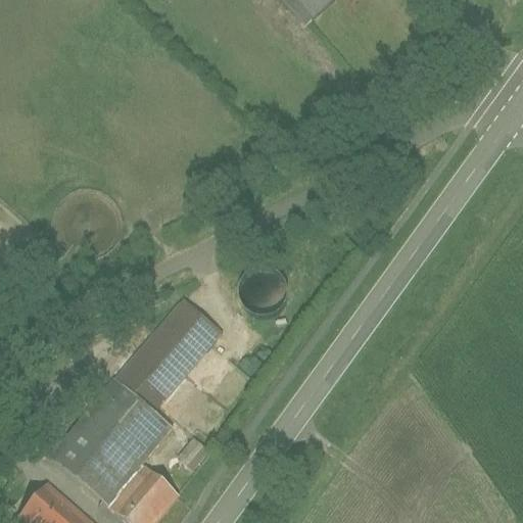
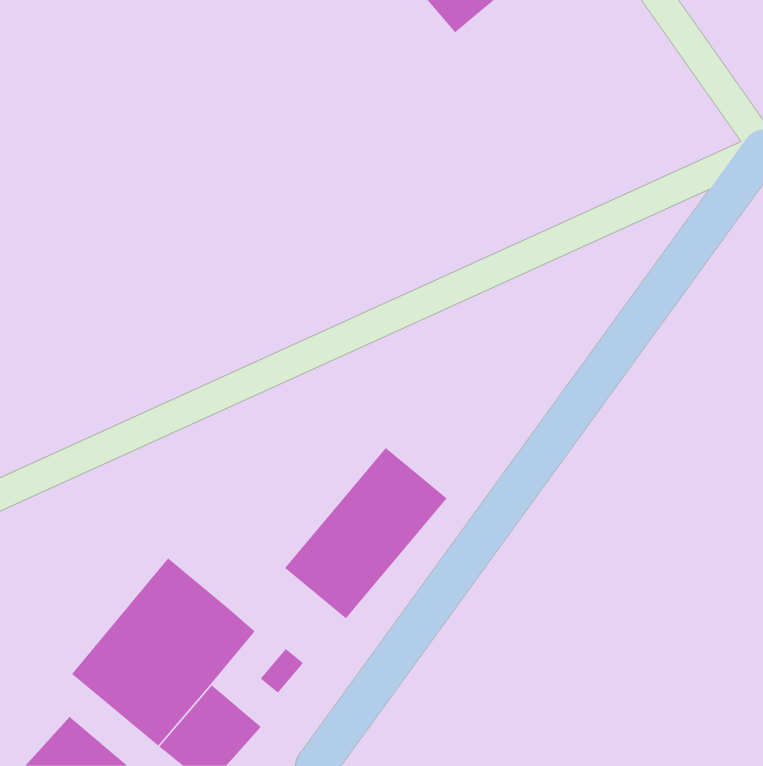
building: [113,295,224,412] -> [284,447,447,619]

